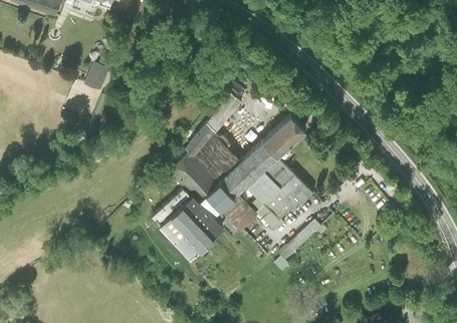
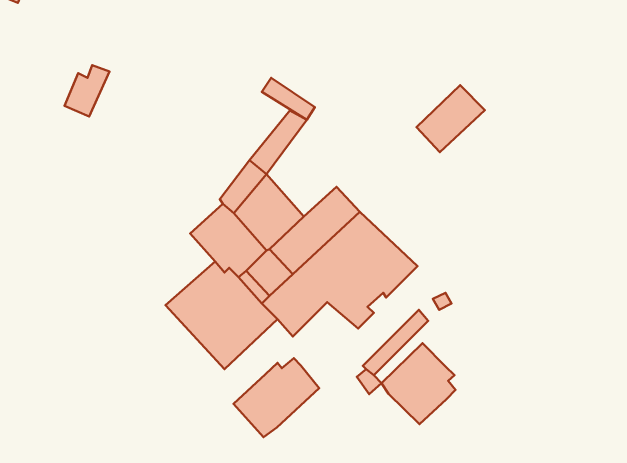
building: [261,112,305,155] -> [416,85,485,152]
building: none -> [382,343,455,424]
building: none -> [233,358,319,437]

